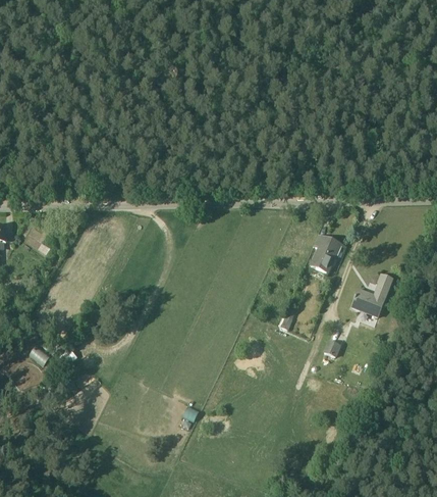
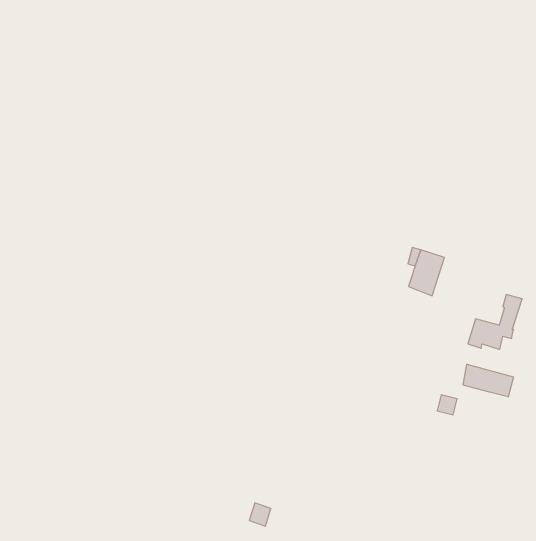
building: none -> [463,364,513,397]

